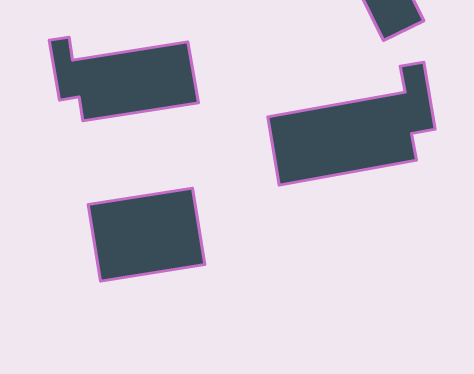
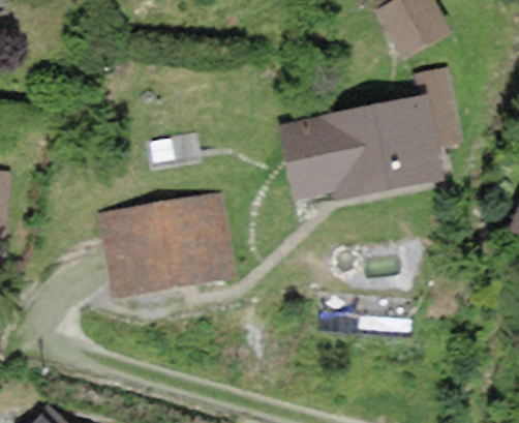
building: [49,37,198,121] -> none

